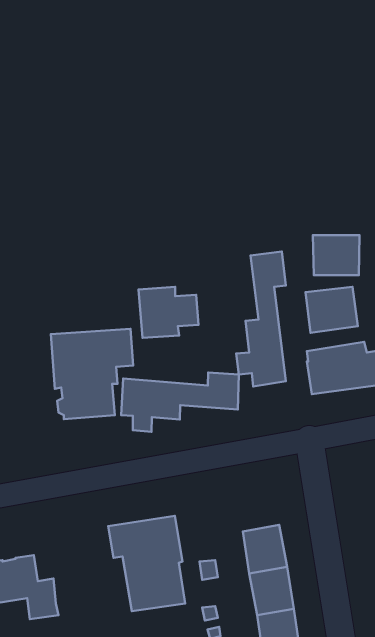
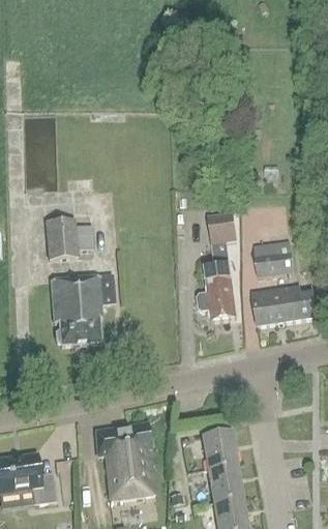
building: [313,235,359,275] -> none
building: [139,287,199,338] -> [46,217,93,258]
building: [121,372,239,432] -> none

